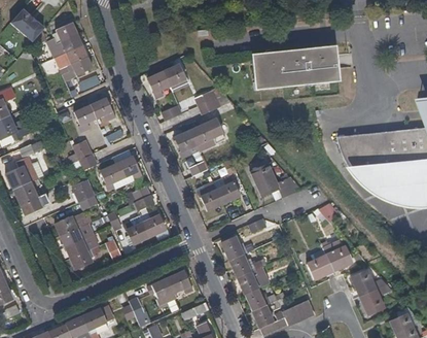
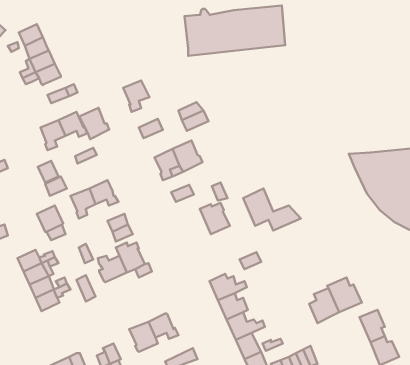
building: [251,46,337,90] -> [184,5,285,56]
building: [162,64,187,91] -> [79,108,109,139]
building: [197,181,221,210] -> none

